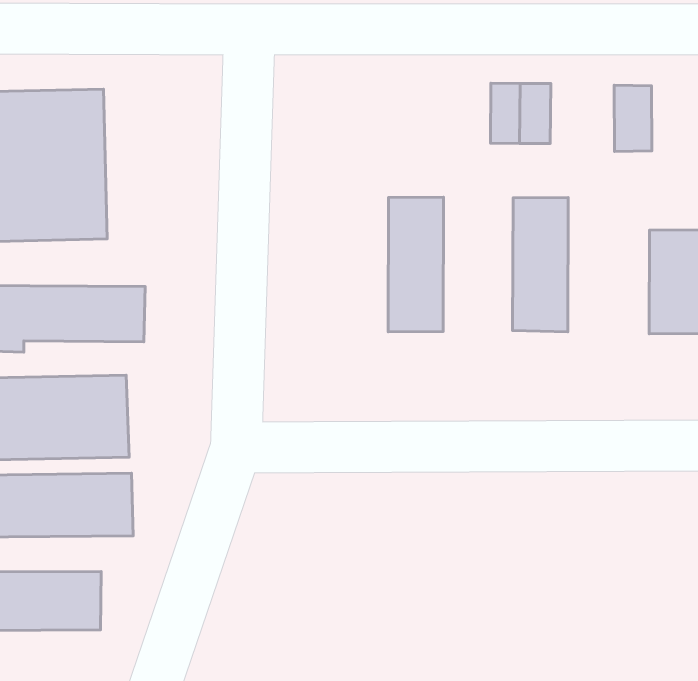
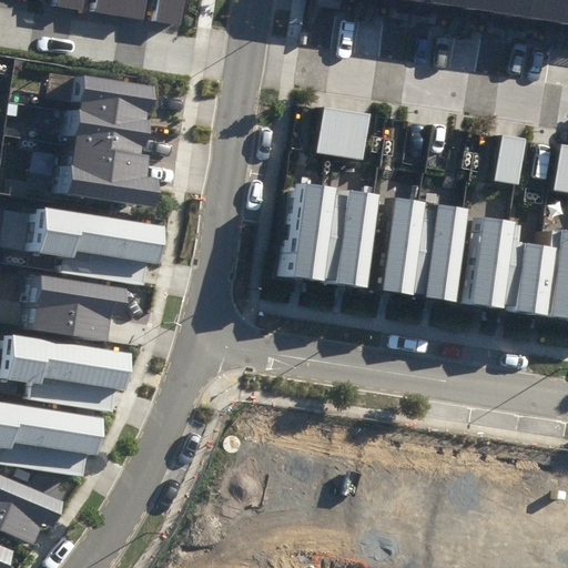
building: none -> [320,109,368,159]
building: none -> [282,183,334,281]
building: none -> [367,196,419,293]
building: none -> [460,212,513,310]

